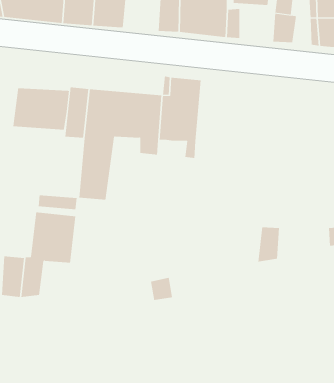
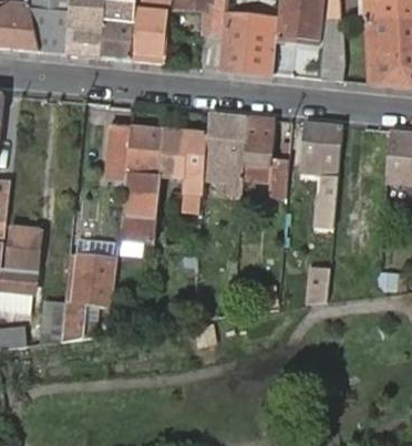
building: none -> [243,116,288,181]
building: none -> [298,121,342,222]
building: [13,88,69,131] -> none

